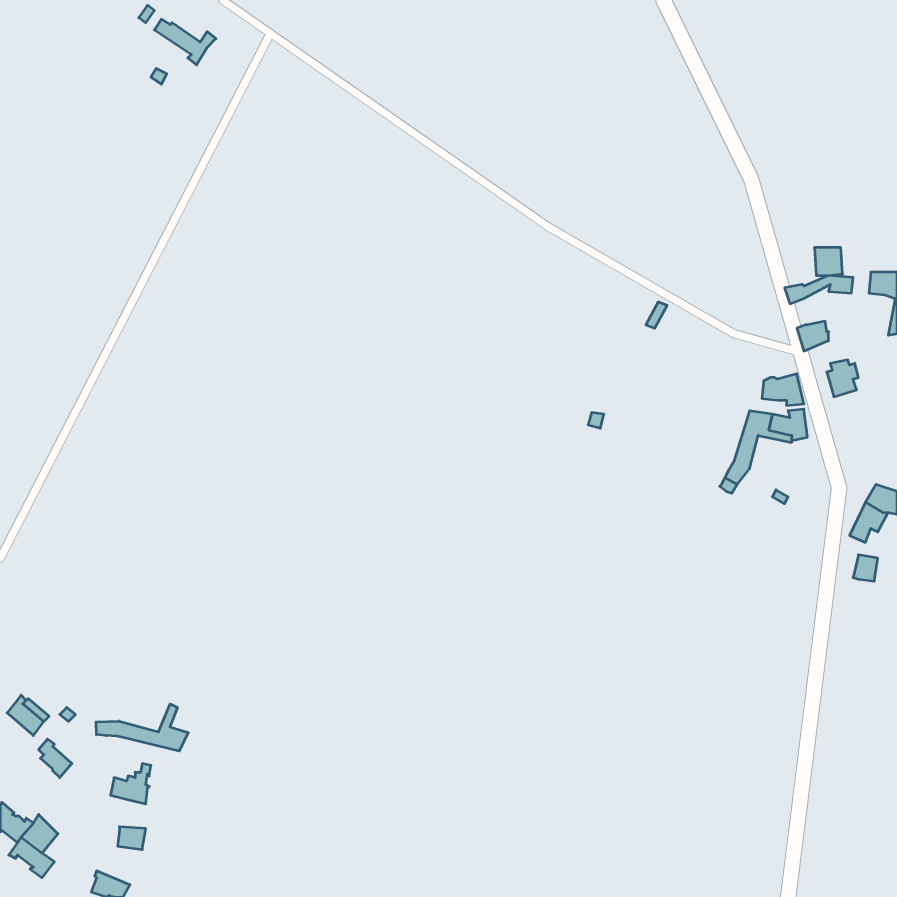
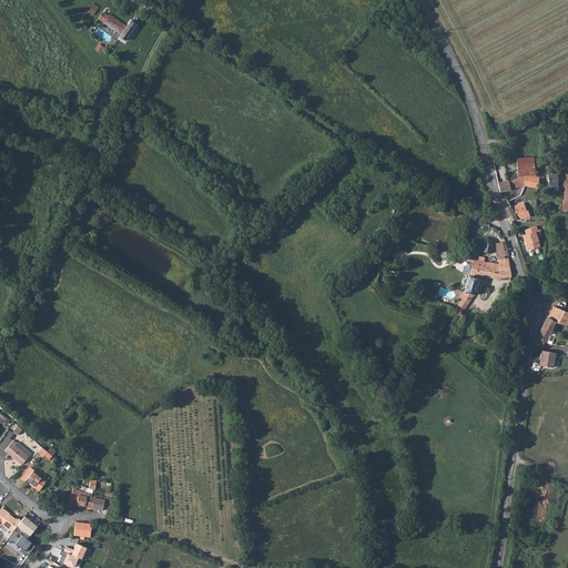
building: [96,704,188,751] -> none

